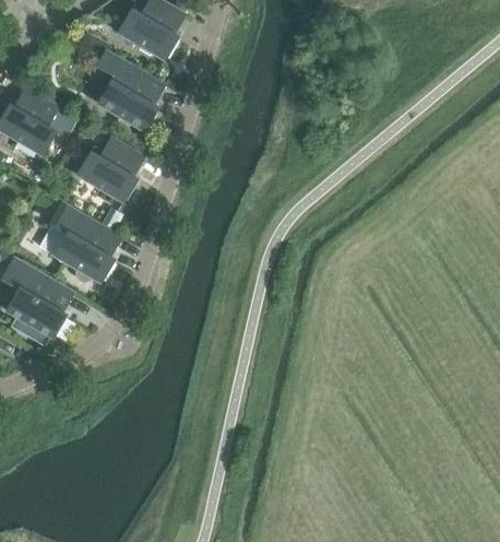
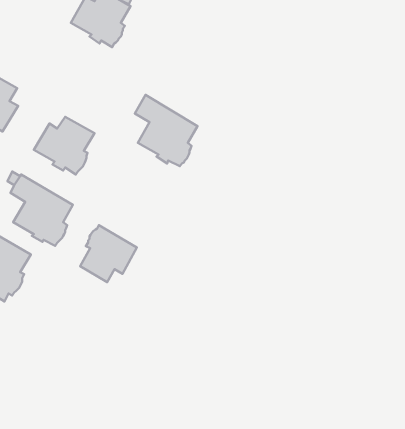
building: [94,50,164,130] -> [135,95,197,166]
building: none -> [80,225,137,282]

